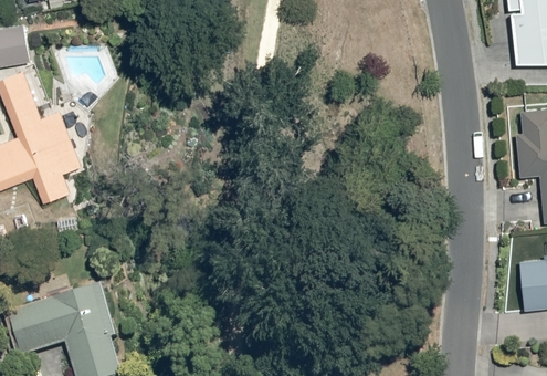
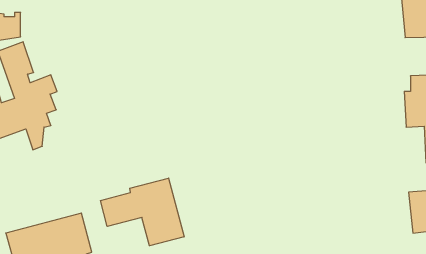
building: none -> [100,178,184,246]

